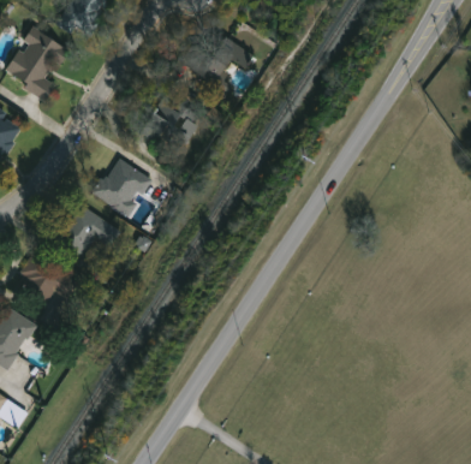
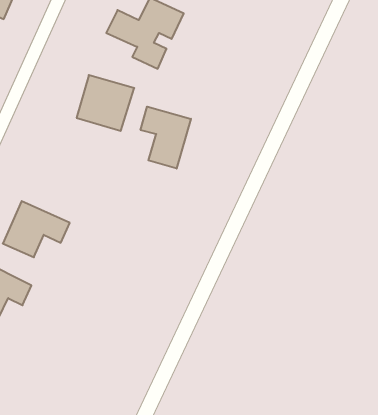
building: none -> [141,107,191,169]
building: [91,155,151,215] -> none

